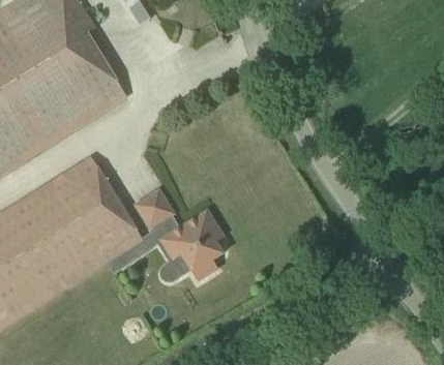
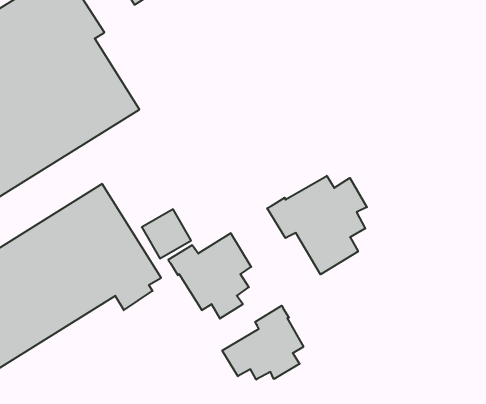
building: none -> [267,176,367,274]
building: none -> [222,306,303,380]

